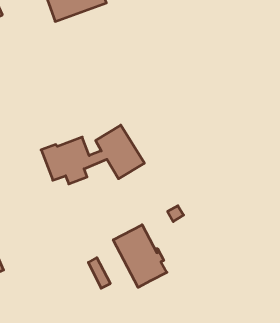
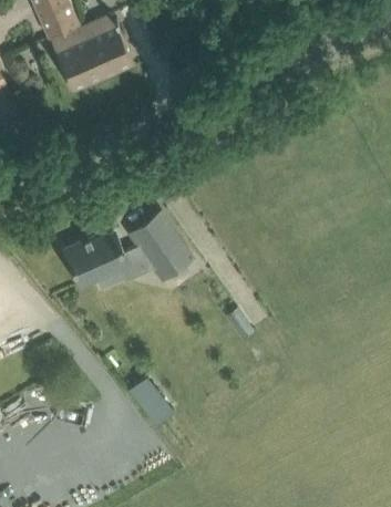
building: [113,225,167,287] -> none

